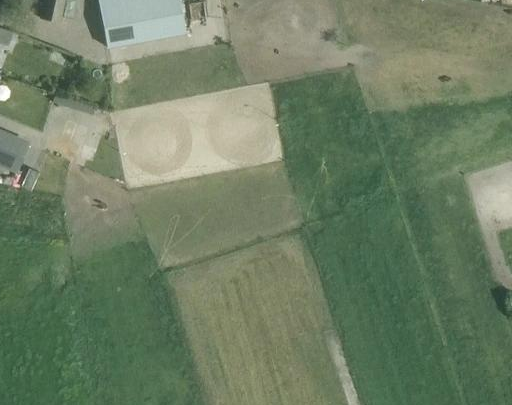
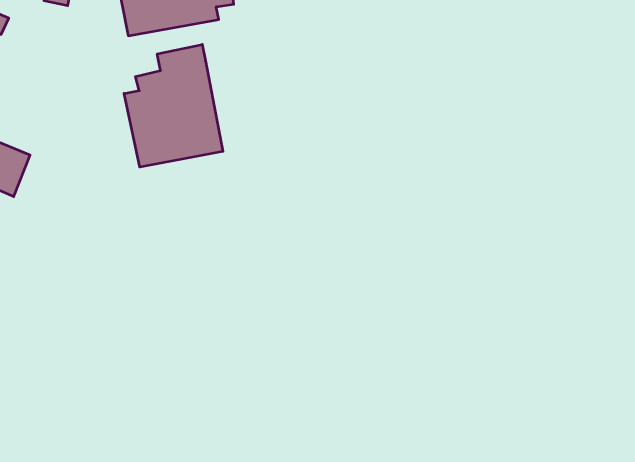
building: none -> [124,44,223,167]

